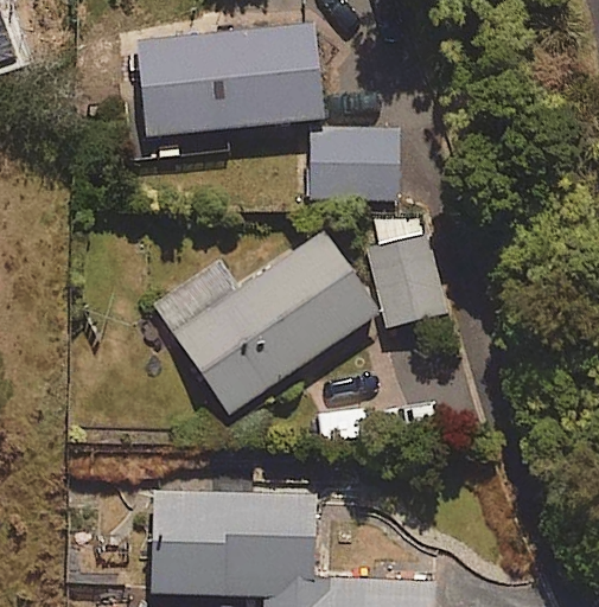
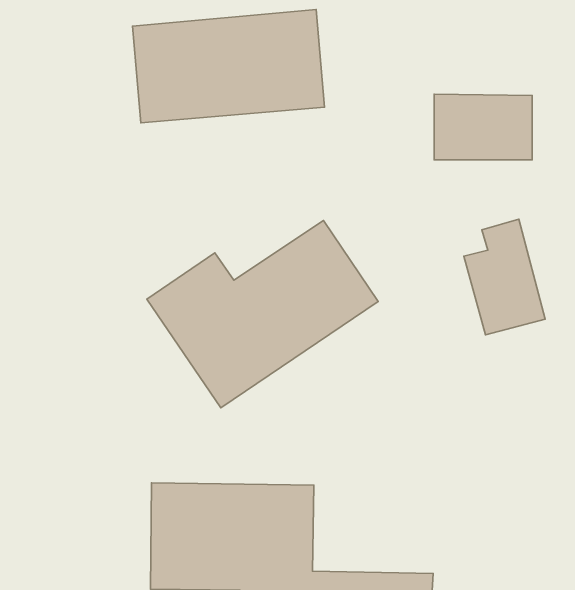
building: [305,132,402,197] -> [434,94,532,160]
building: [365,213,446,328] -> [464,219,545,335]

